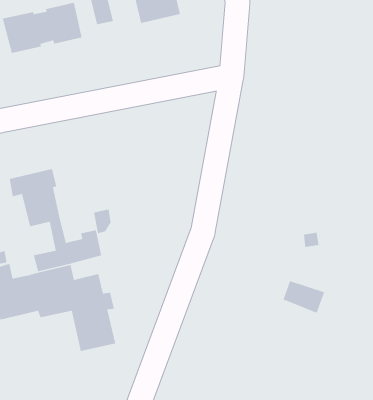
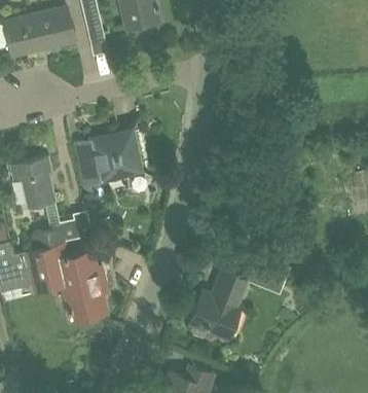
building: none -> [73,132,139,188]
building: none -> [190,266,247,336]

